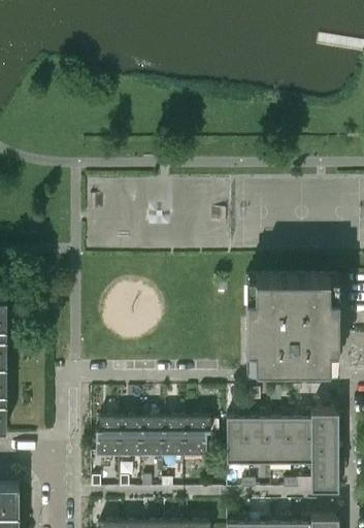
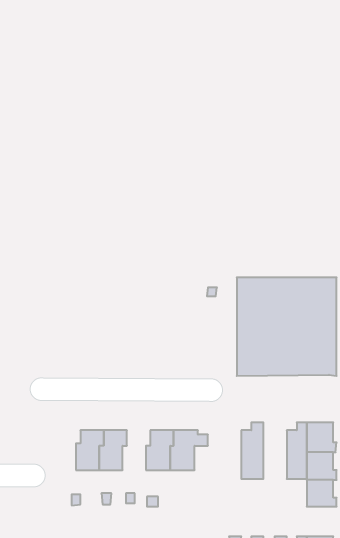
building: [226,411,250,464] -> none
building: [270,411,292,464] -> none
building: [139,419,165,456] -> none

